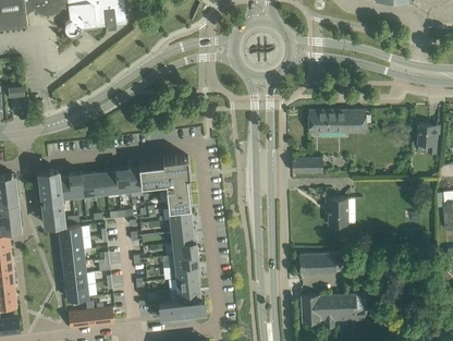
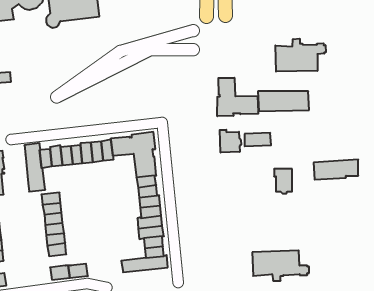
building: none -> [275,39,326,72]
building: none -> [217,78,258,116]
building: [417,124,436,153] -> none
building: none -> [220,130,241,153]
building: [298,252,350,275] -> [314,160,358,180]

